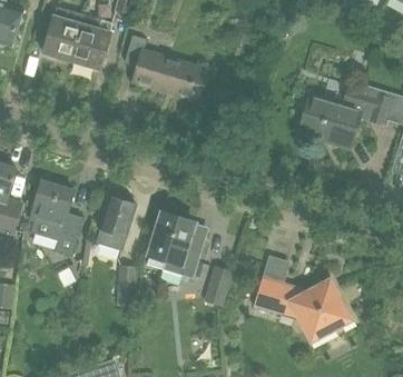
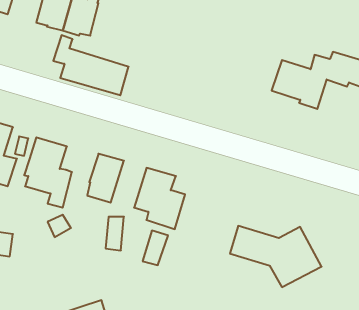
building: [125,33,207,99] -> [53,35,129,95]
building: [205,266,233,304] -> [143,231,168,265]

